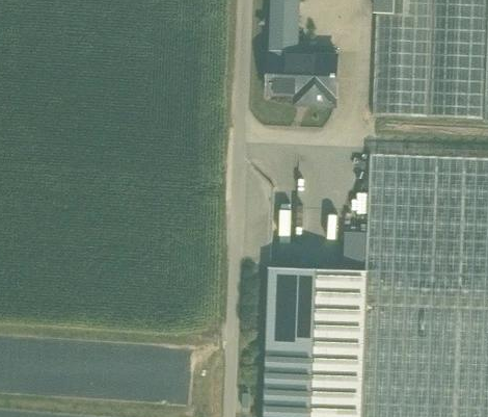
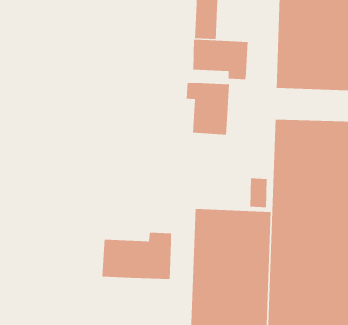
building: none -> [186,82,230,136]
building: none -> [102,232,172,280]

